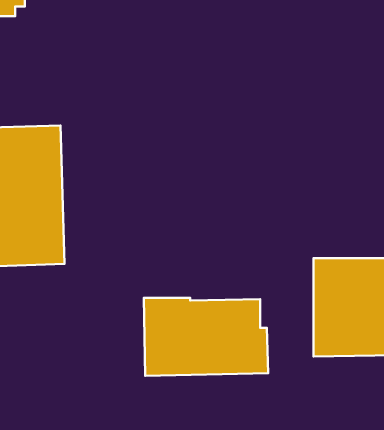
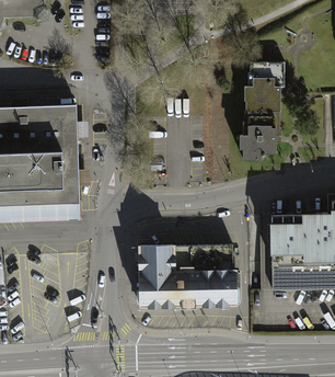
building: none -> [243,67,286,160]

